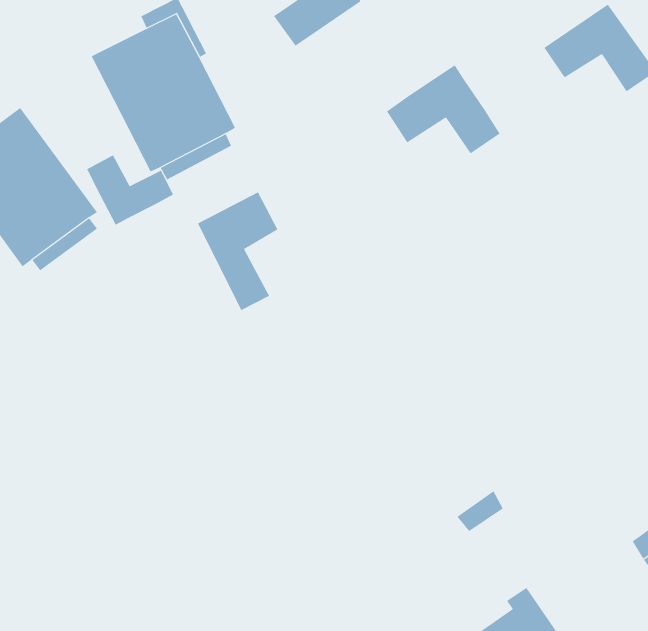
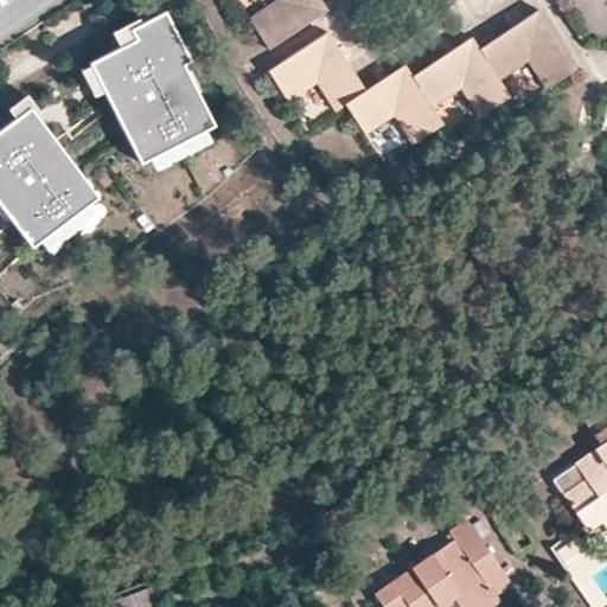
building: none -> [264,37,365,114]
building: none -> [413,43,510,117]
building: [86,155,174,226] -> none
building: [197,191,278,311] -> none

